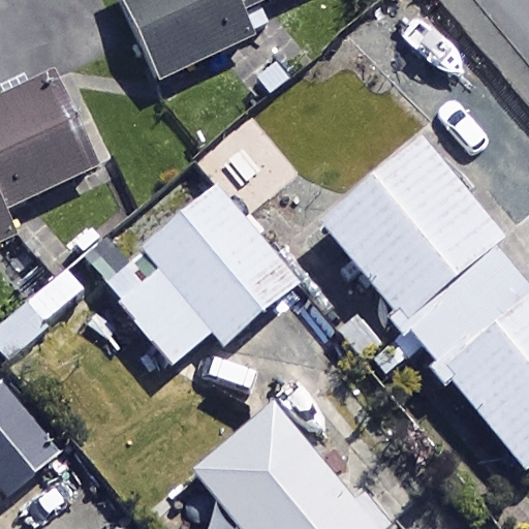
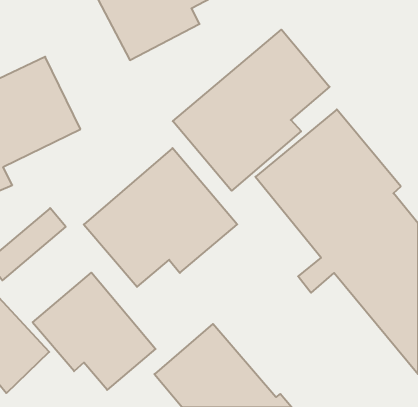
building: none -> [173,30,330,191]
building: none -> [33,273,156,390]

